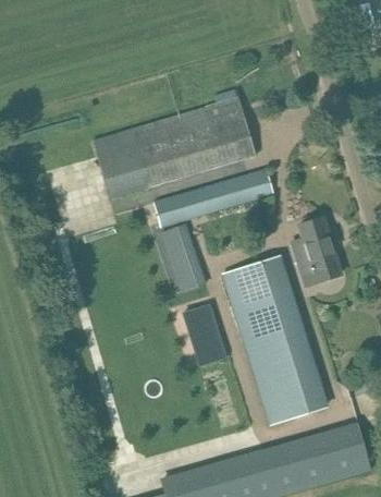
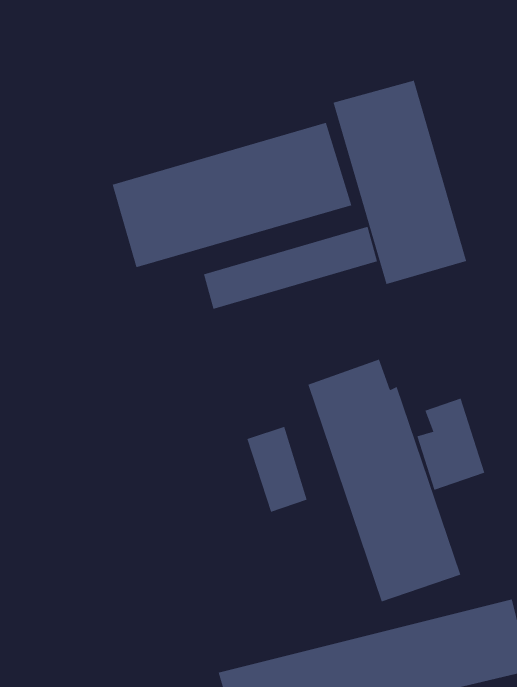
building: none -> [333,80,467,285]
building: [292,217,339,280] -> [416,398,485,491]
building: [160,221,209,292] -> none

